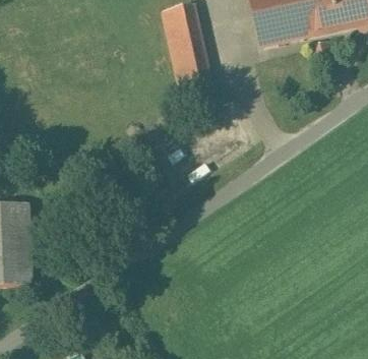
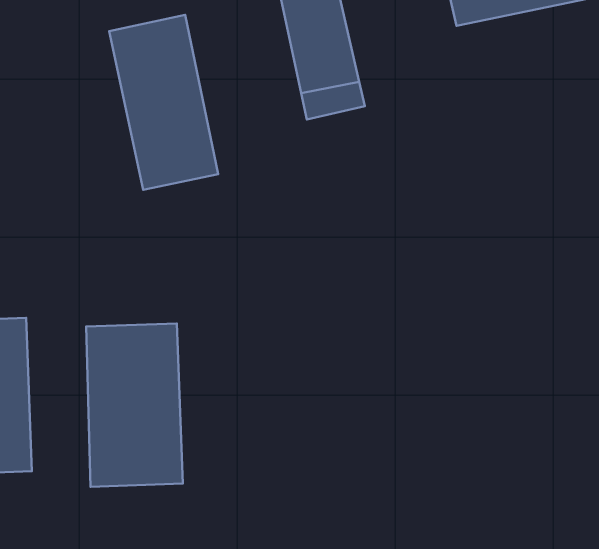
building: none -> [109,15,218,190]
building: none -> [86,323,183,487]

